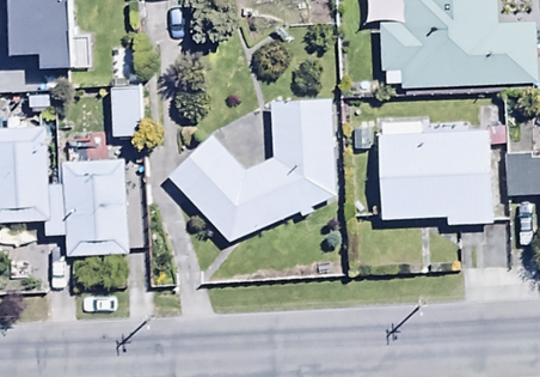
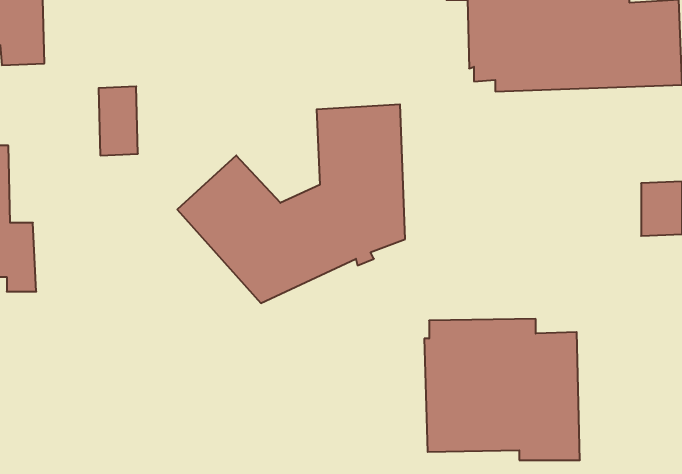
building: [379,120,492,223] -> [424,319,580,460]
building: [65,159,128,255] -> none

